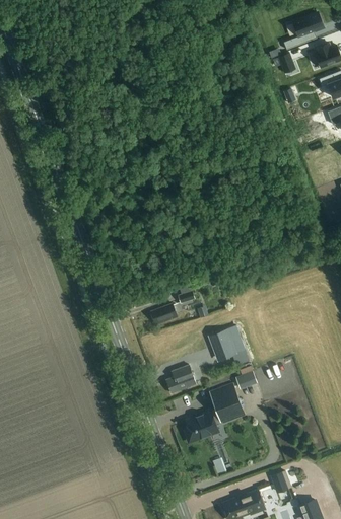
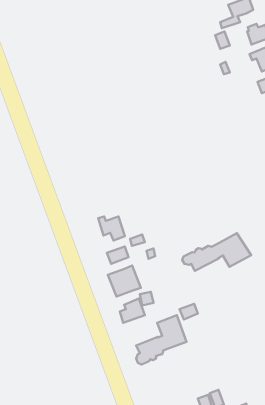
building: none -> [98,216,125,241]
building: none -> [182,233,251,271]
building: [208,324,247,361] -> [108,265,141,297]

